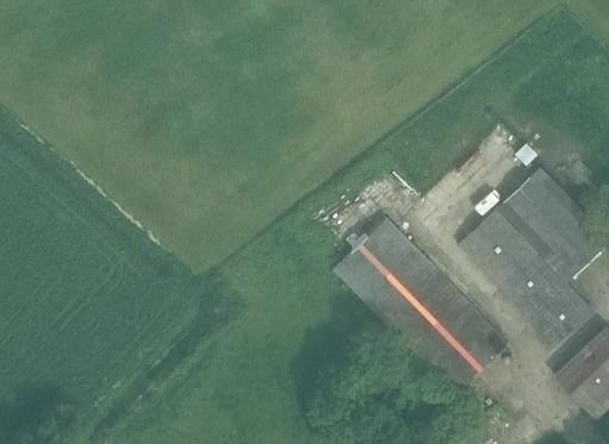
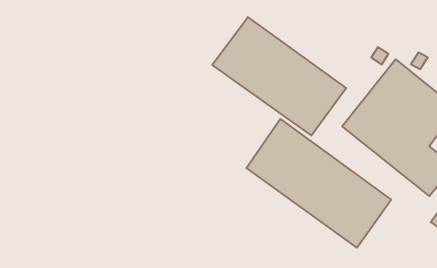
building: none -> [212,17,346,136]

